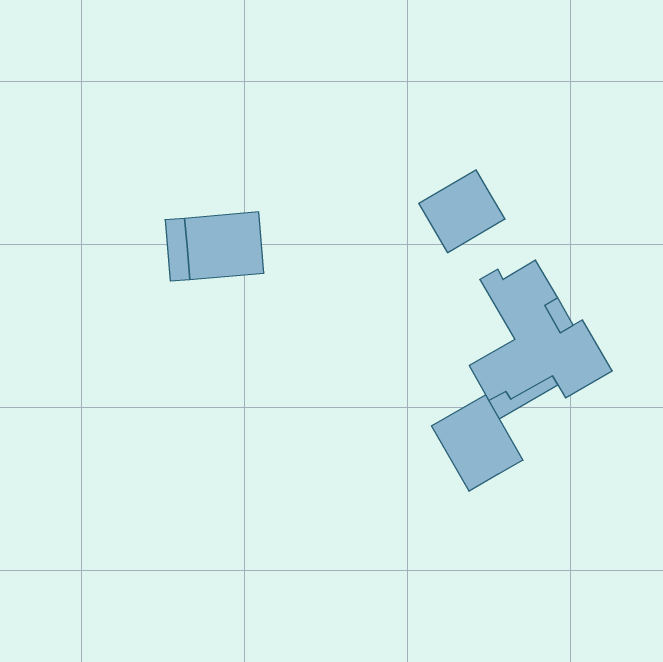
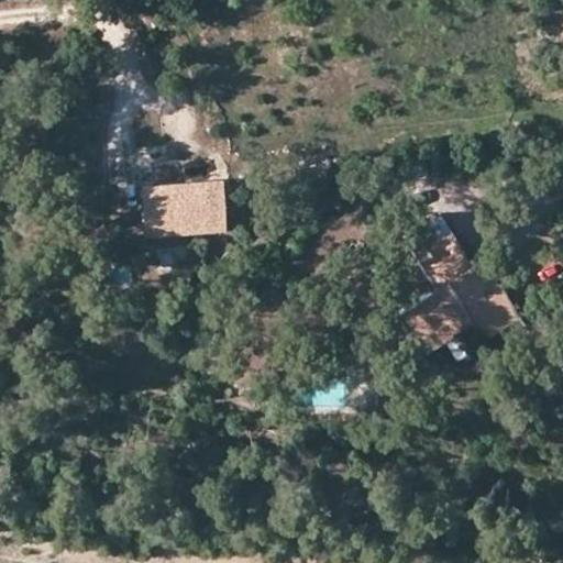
building: [419,170,505,253] -> none
building: [432,395,523,491] -> none

